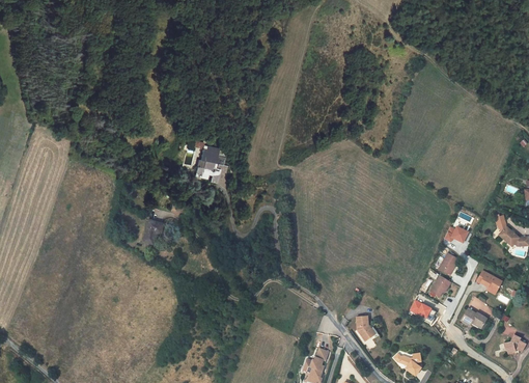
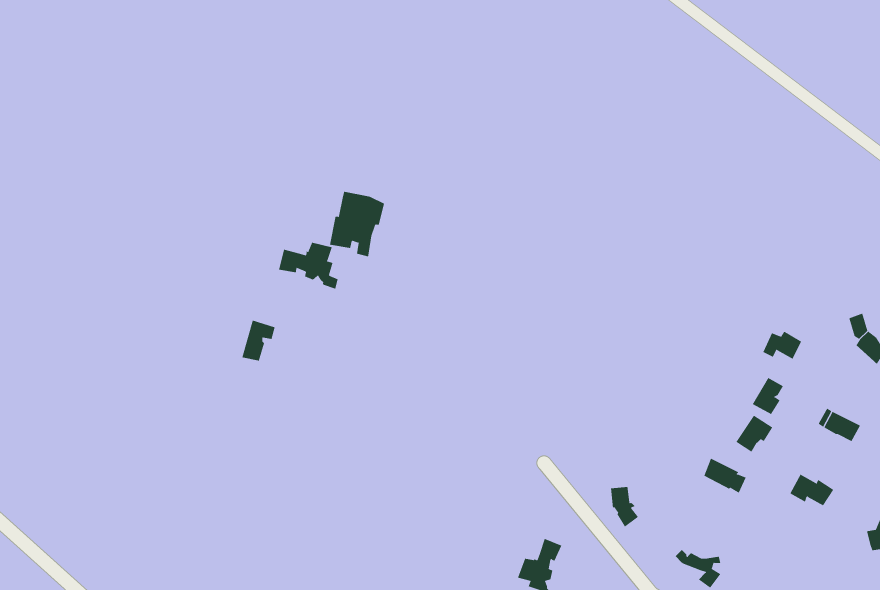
building: none -> [279,242,338,289]

